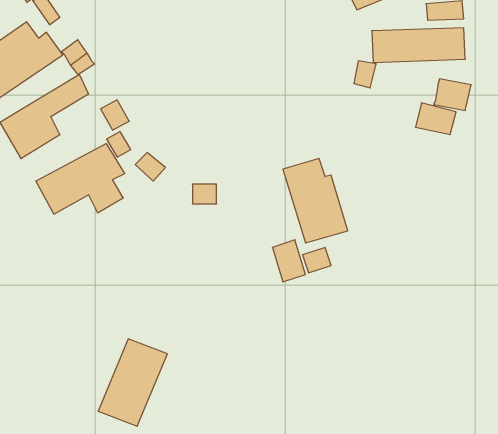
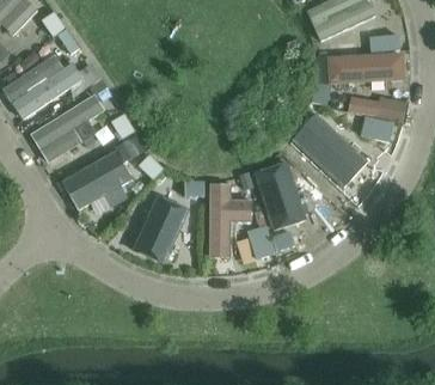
building: none -> [299,116,372,191]
building: none -> [209,182,251,253]
building: [98,339,167,426] -> [134,192,189,262]

